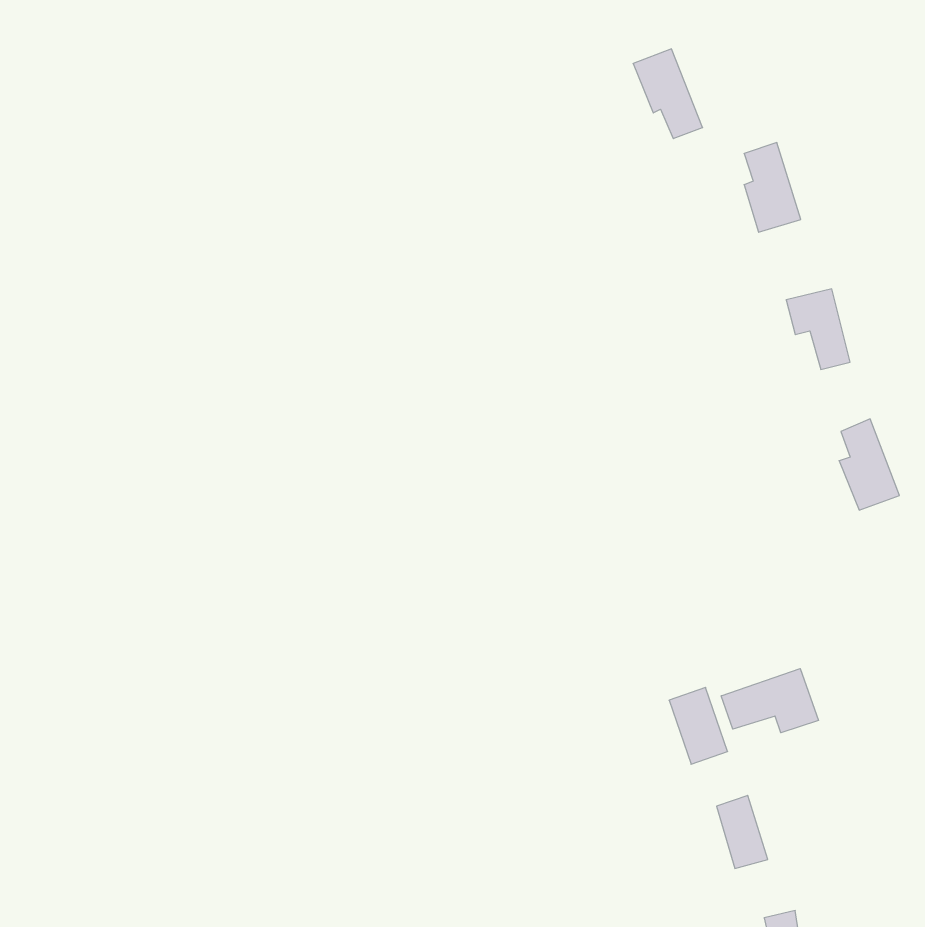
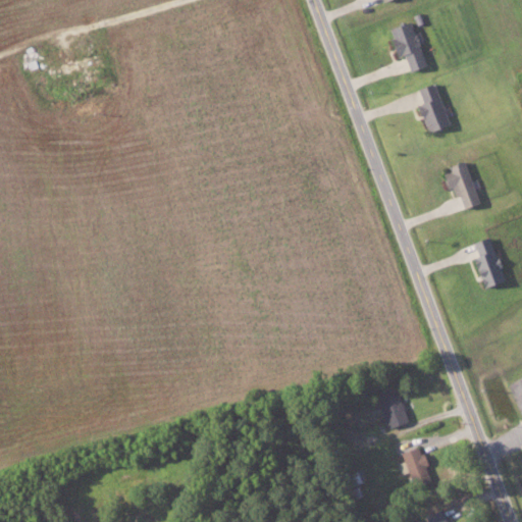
building: [633,49,703,139] -> [389,22,428,72]
building: [721,669,819,733] -> none

